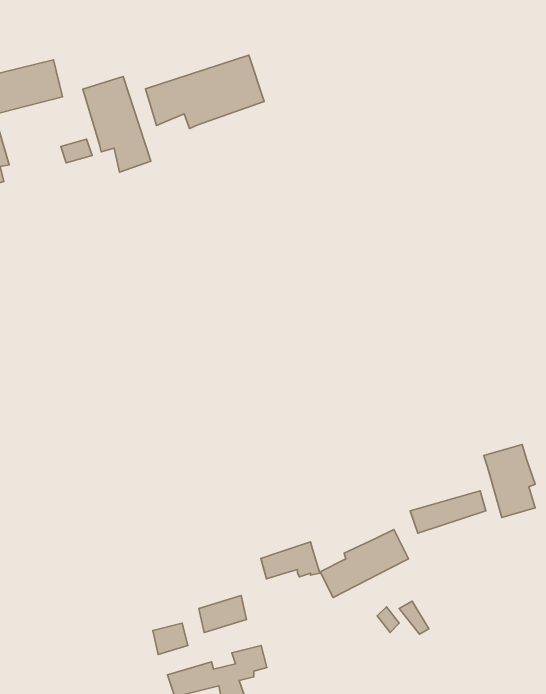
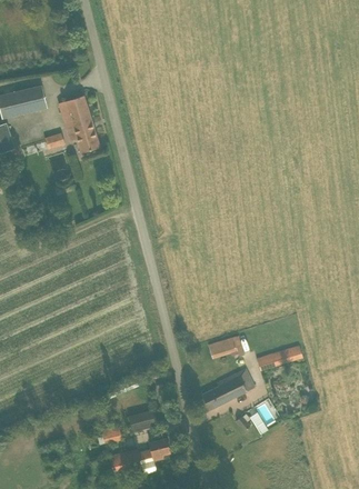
building: [146,55,264,128] -> none
building: [484,444,535,518] -> none
building: [261,542,320,579] -> [209,336,245,358]

